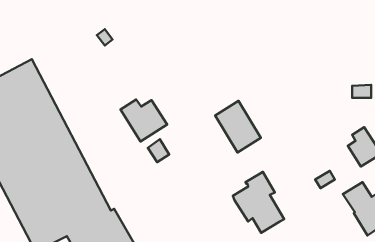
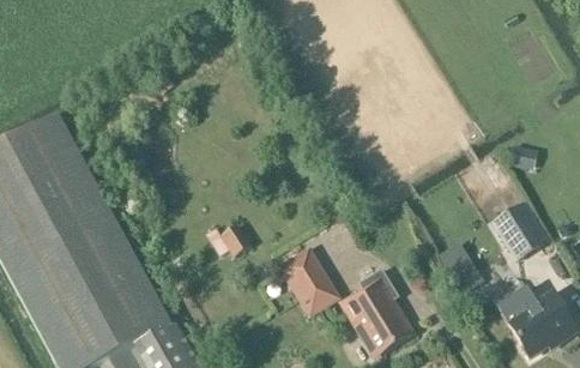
building: [121,100,167,142] -> none
building: [215,101,261,152] -> [276,246,339,318]

